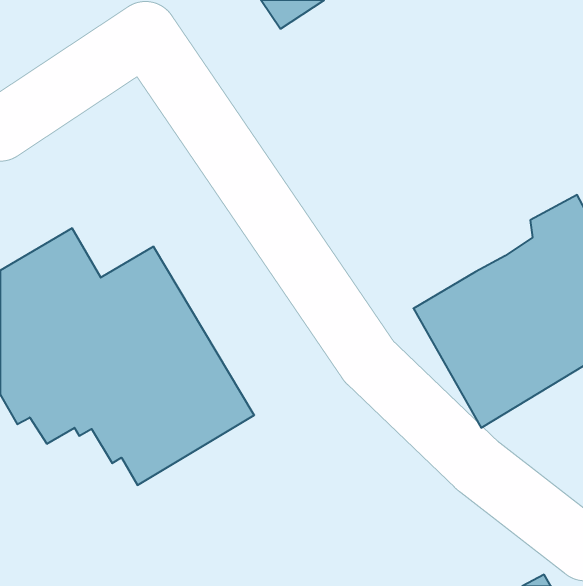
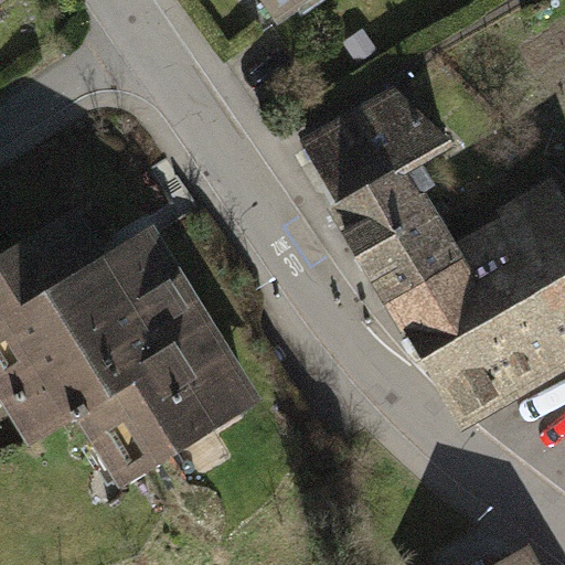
building: none -> [313,97,460,302]

